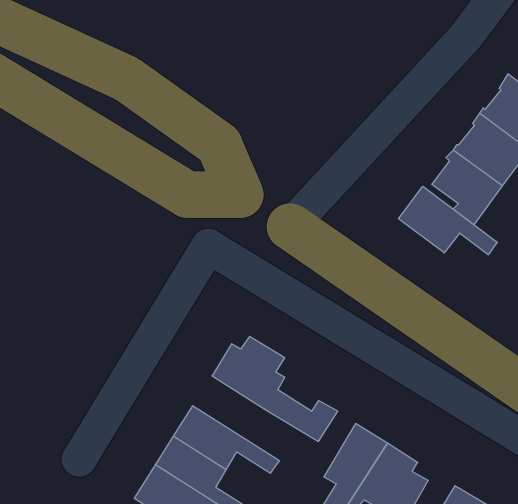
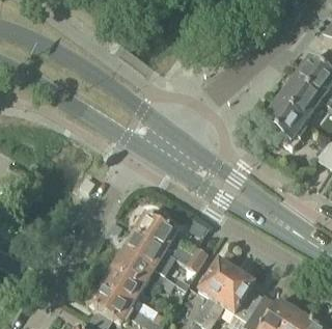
building: [398,186,497,255] -> none
building: none -> [125,231,179,281]

